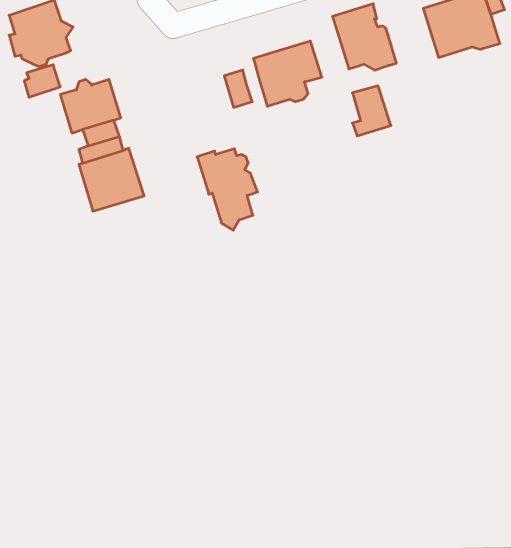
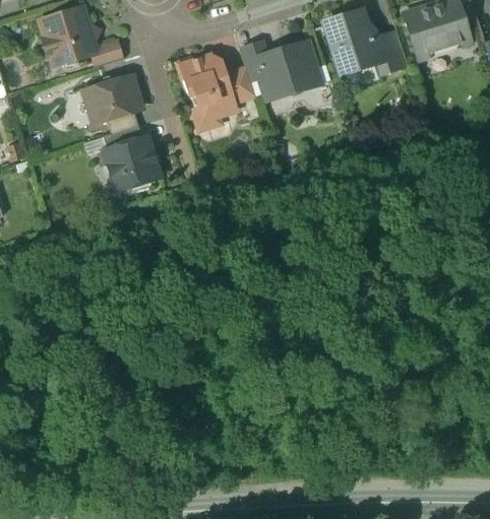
building: none -> [241,41,269,79]
building: [24,65,60,97] -> [93,38,124,66]
building: [352,86,391,136] -> [374,30,408,74]
building: [197,149,258,230] -> [178,55,231,126]

